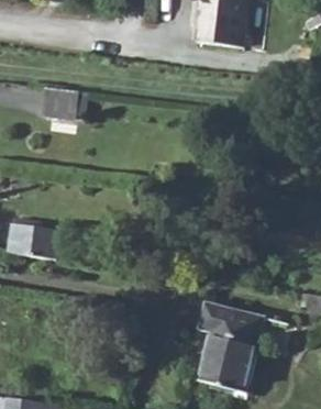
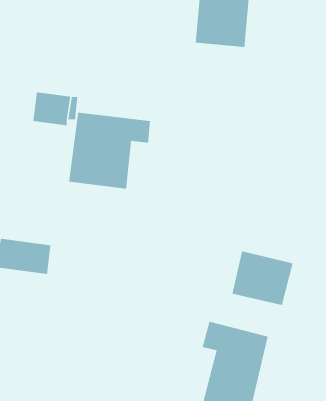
building: none -> [68,112,150,190]
building: none -> [232,251,293,306]

